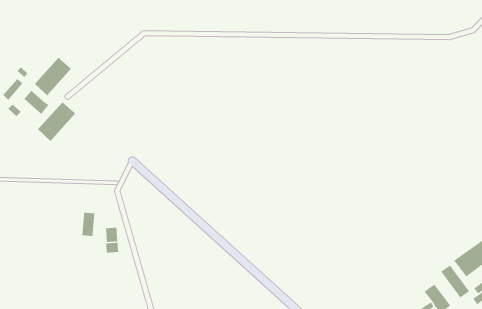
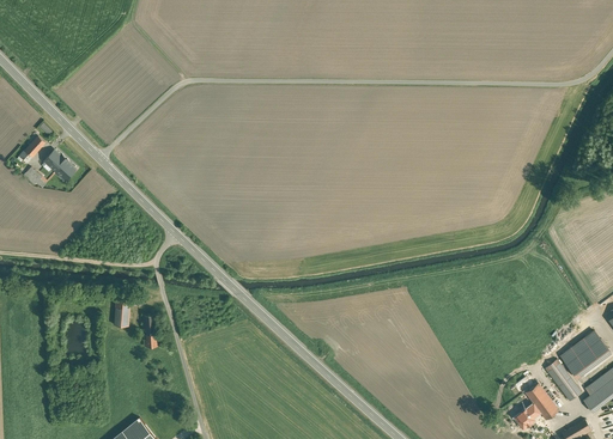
building: [34,57,72,96] -> none
building: [37,101,76,142] -> none

